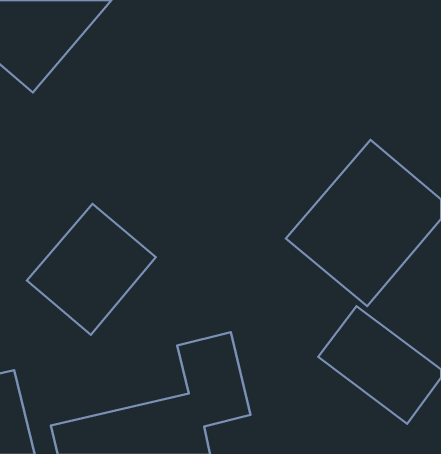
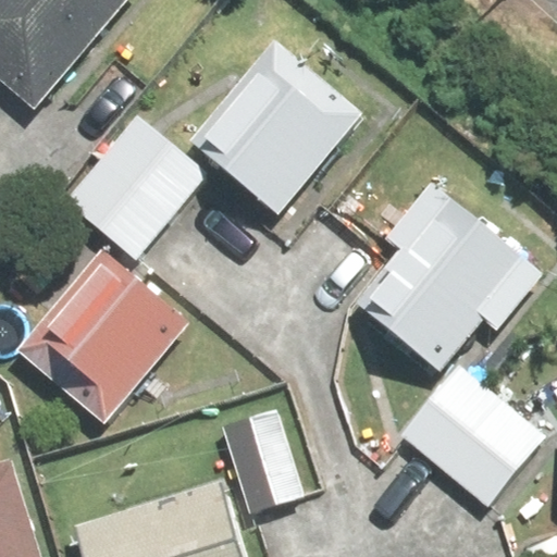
building: none -> [197,41,375,222]
building: none -> [62,114,205,256]

